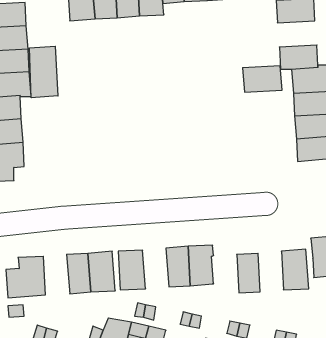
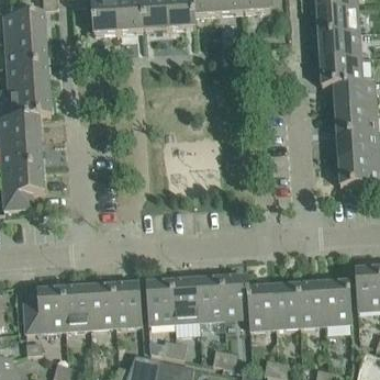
building: [30,46,58,98] -> none
building: [243,66,282,92] -> [317,34,360,63]
building: none -> [171,281,200,325]
building: none -> [297,284,324,328]
building: none -> [64,288,92,332]
building: none -> [246,288,276,332]

